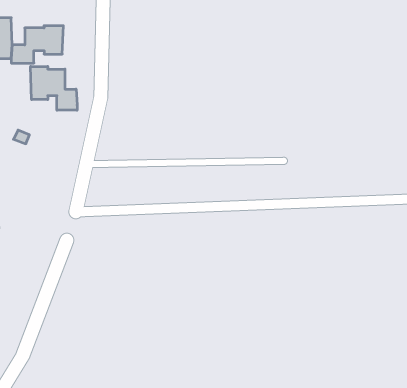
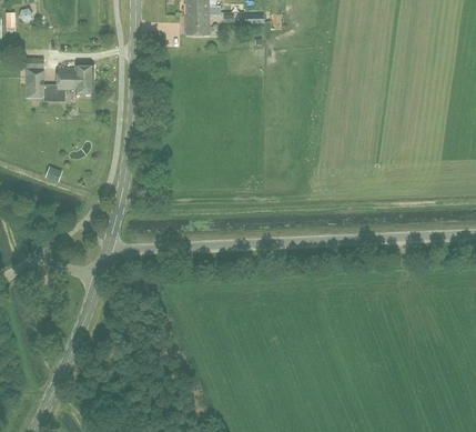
building: [31,66,77,110] -> none

